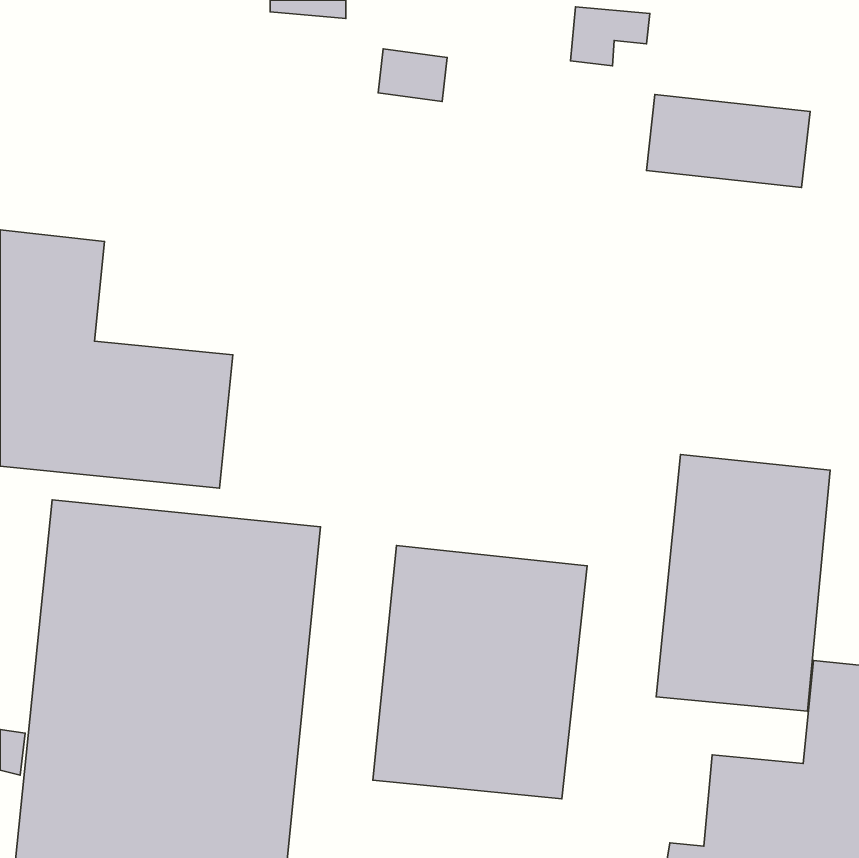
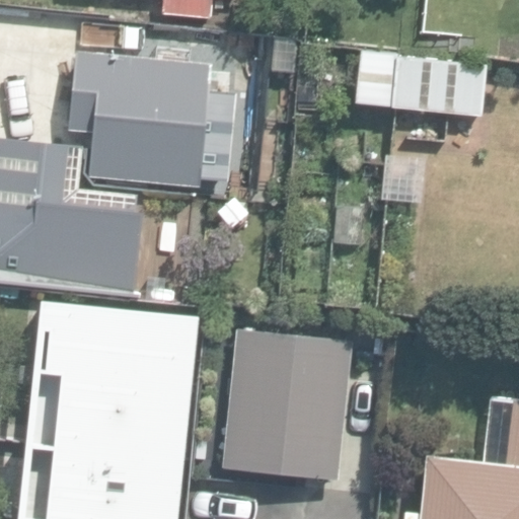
building: none -> [70,49,234,184]
building: [656,454,830,711] -> none

